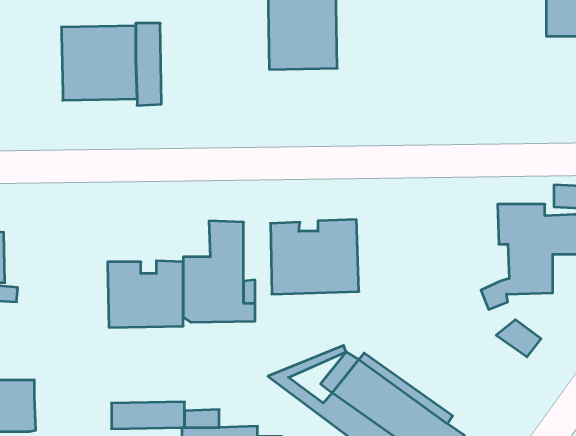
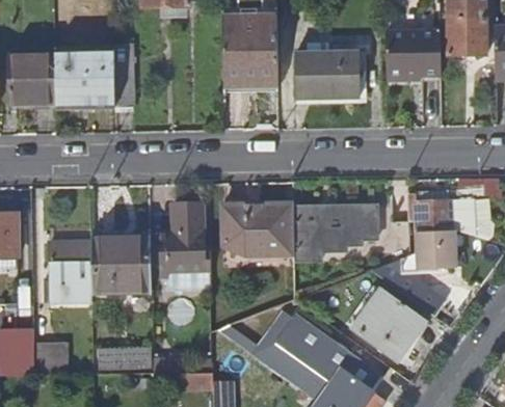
building: none -> [388,30,442,80]
building: none -> [296,51,362,98]
building: none -> [10,54,56,102]
building: none -> [296,206,378,259]
building: none -> [51,240,95,303]
building: none -> [352,289,423,358]
building: none -> [33,347,67,374]

